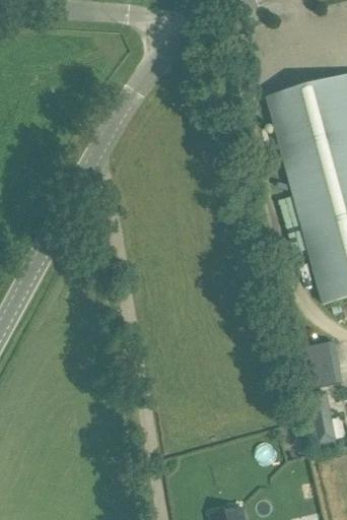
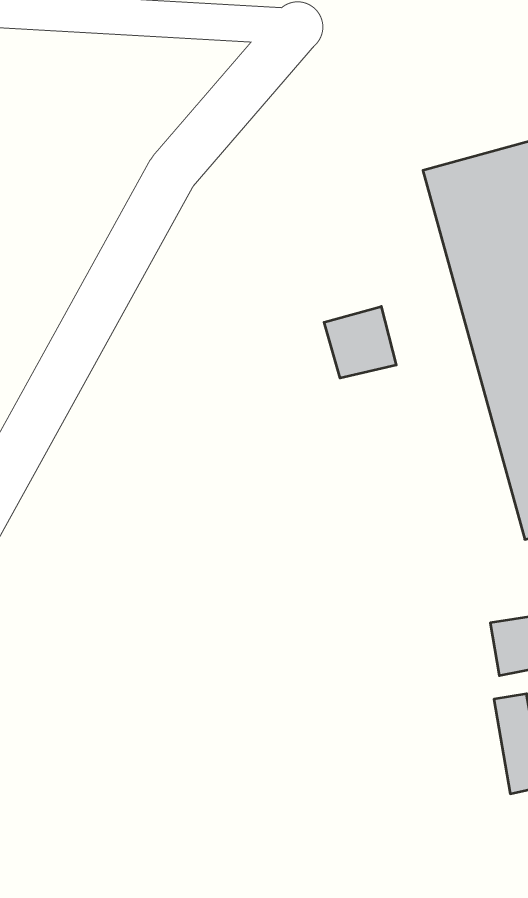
building: none -> [324,306,396,378]

